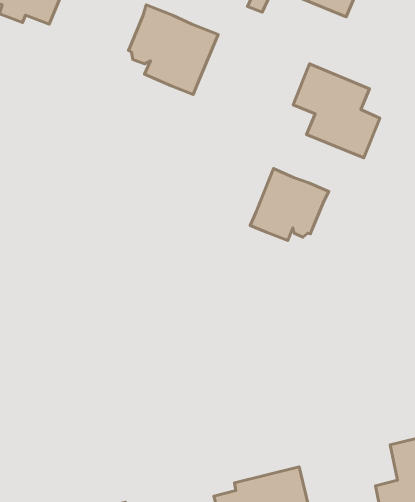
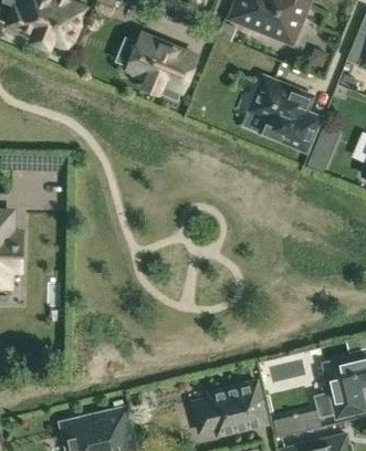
building: none -> [306,127,338,170]
building: [250,169,329,240] -> none

